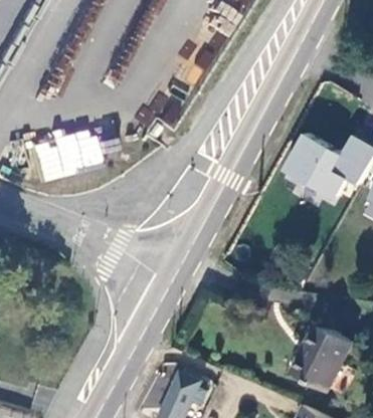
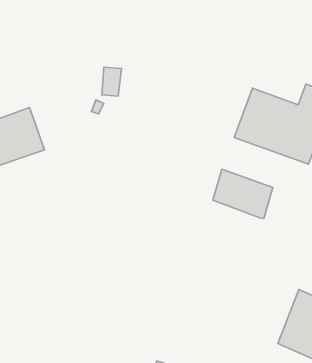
building: none -> [213,169,273,218]

